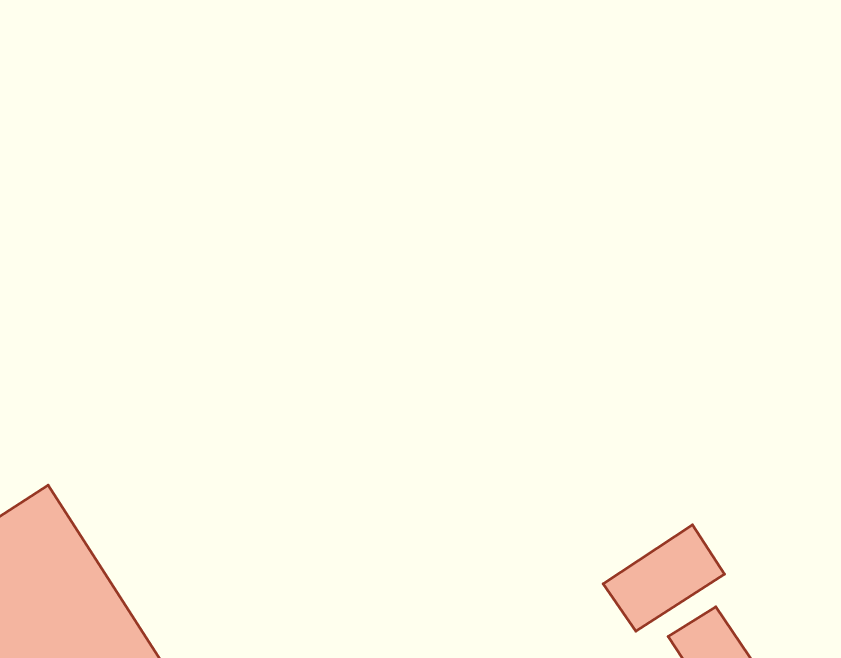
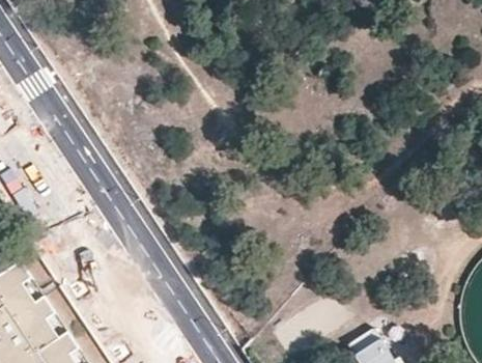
building: [603,525,725,631] -> none

